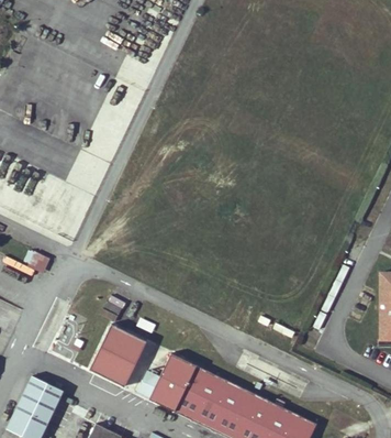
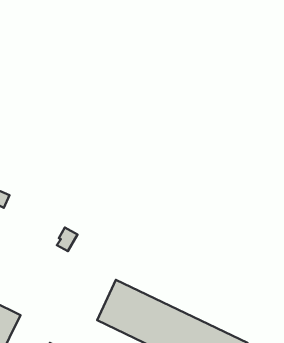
building: [88,325,145,386] -> none

